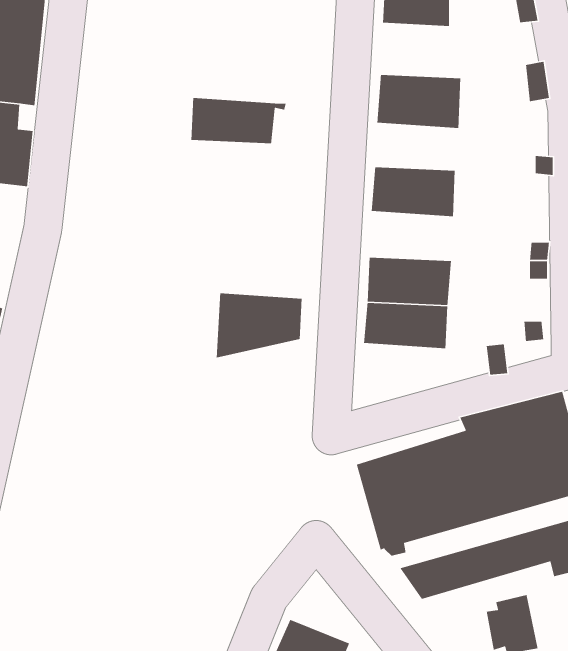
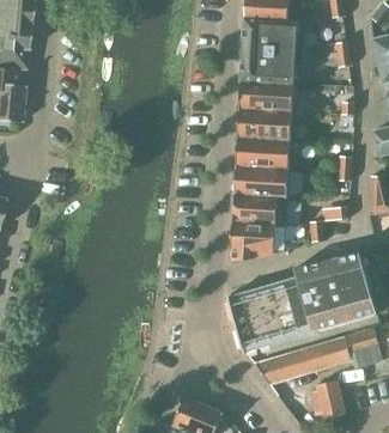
building: none -> [243,18,297,53]
building: [191,97,287,144] -> [239,81,300,111]
building: none -> [236,138,290,169]
building: [216,293,302,358] -> [230,221,285,263]

